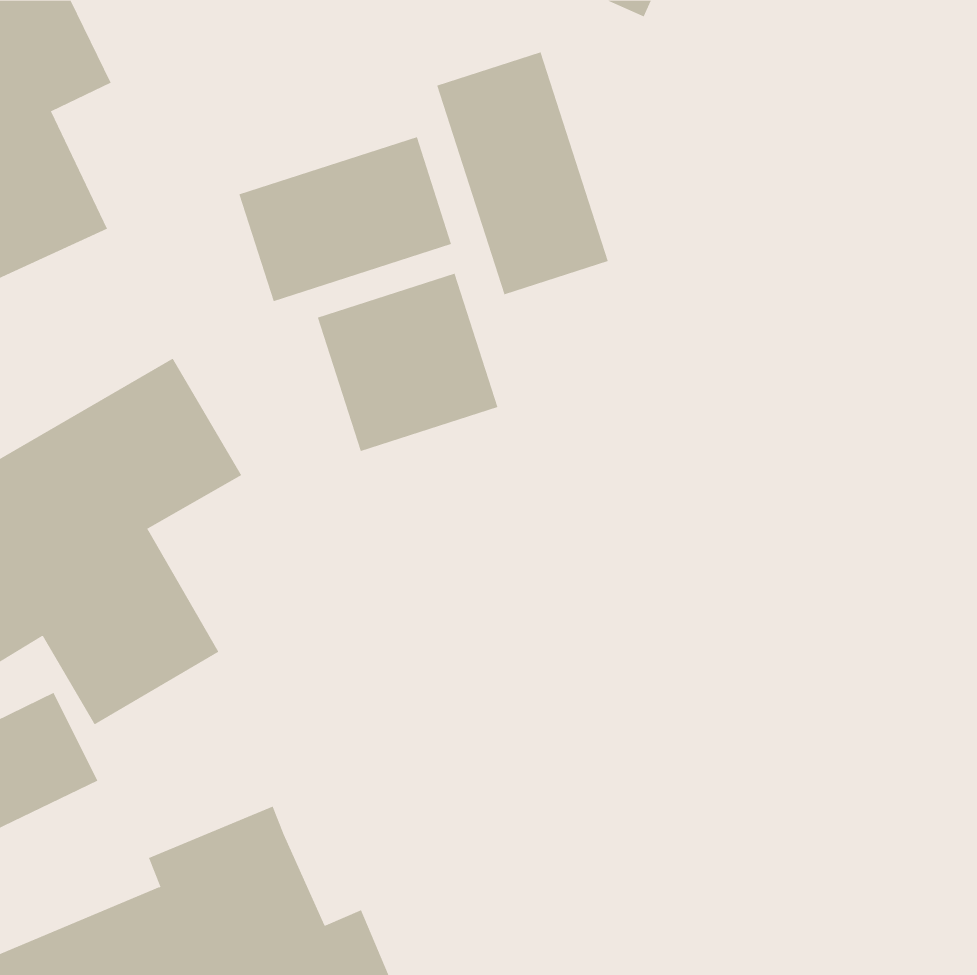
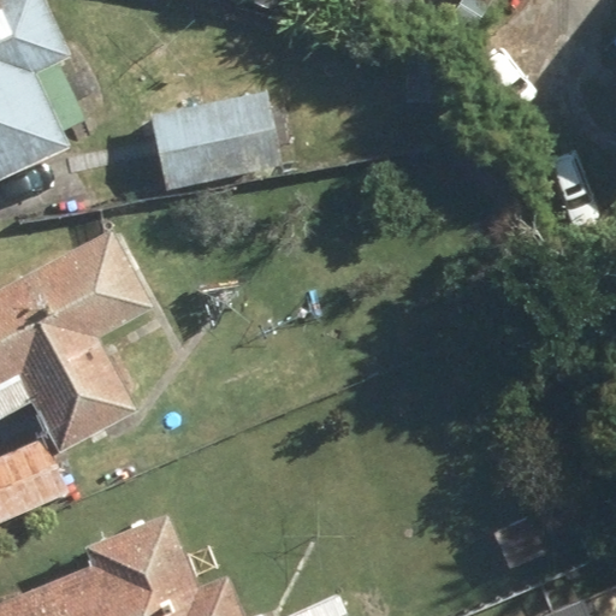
building: [437,52,608,295] -> none
building: [317,273,498,452] -> none

